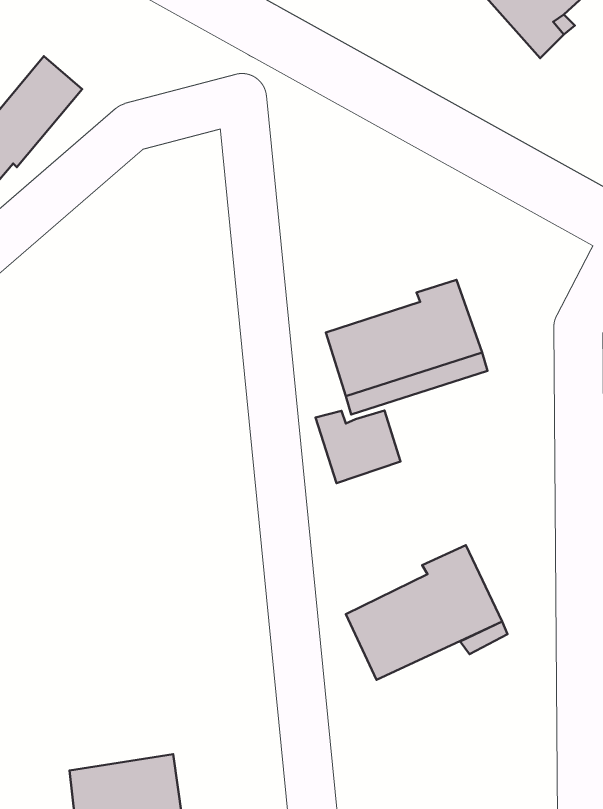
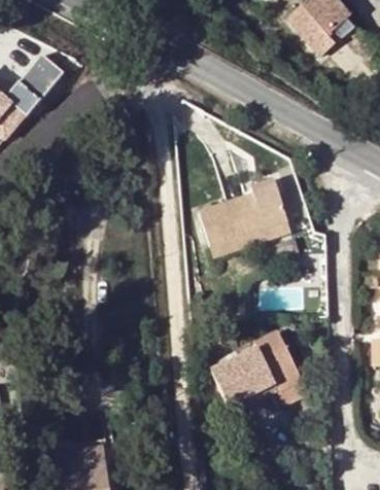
building: [315,411,401,483] -> none

